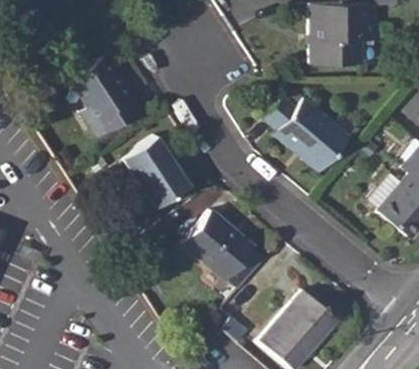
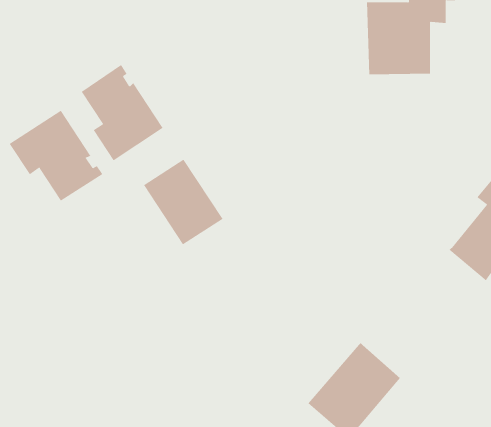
building: [263,87,350,171] -> none
building: none -> [9,110,103,202]
building: [184,210,266,290] -> none

